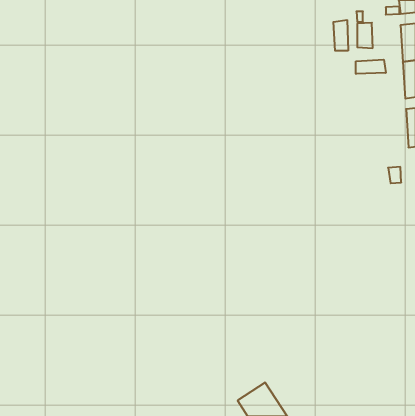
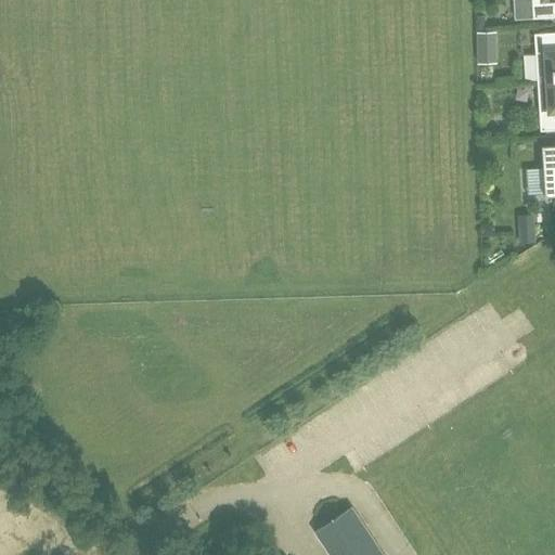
building: [333,20,348,51] -> none
building: [356,60,386,74] -> none

